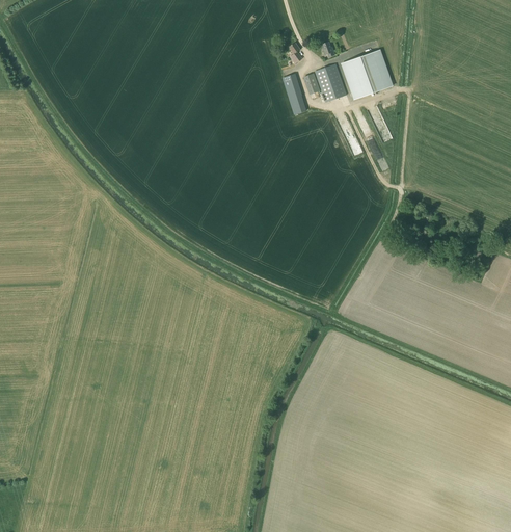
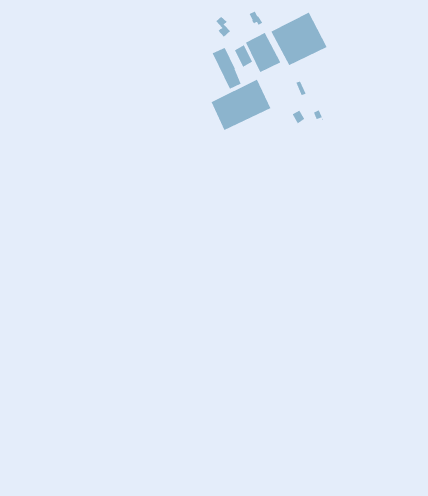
building: none -> [211,79,271,131]

